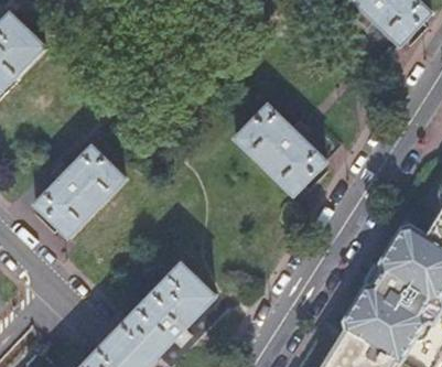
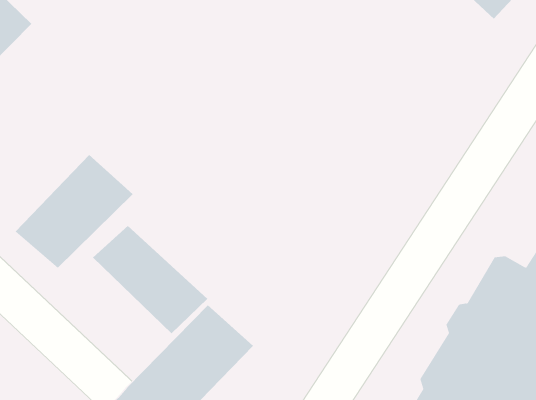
building: [235,104,326,194] -> none
building: none -> [92,225,208,334]

